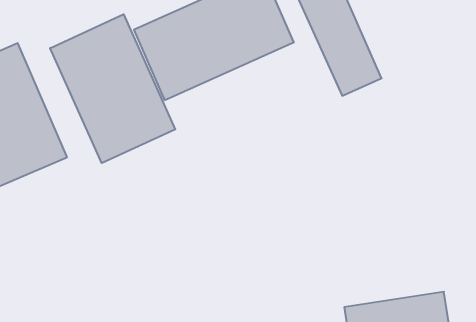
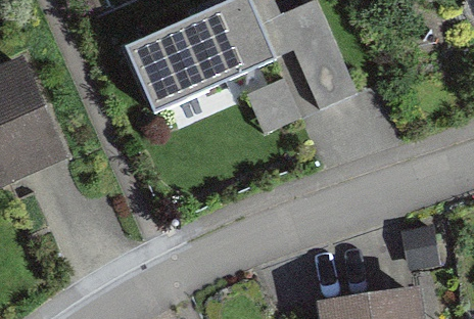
building: [50,14,175,163] -> none

